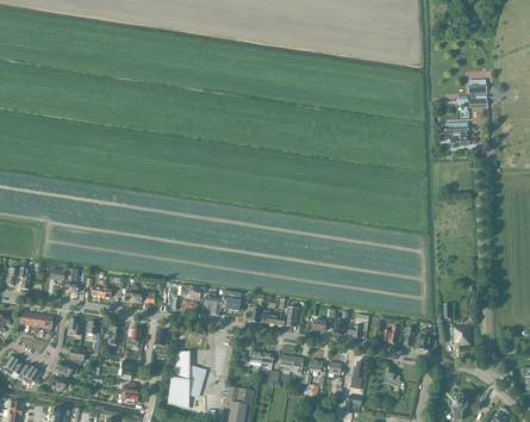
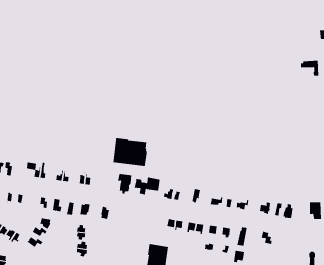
building: none -> [113,137,148,167]
building: [169,352,206,407] -> none

